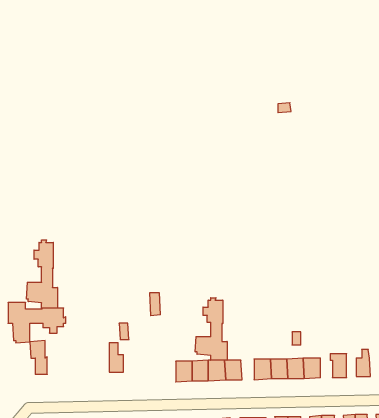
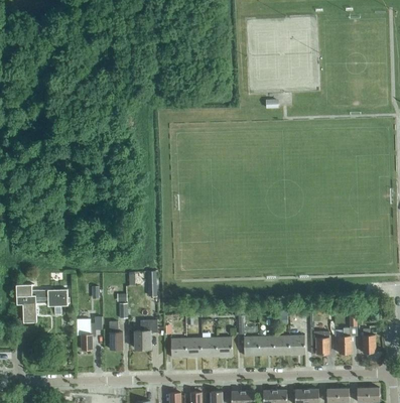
building: [27,240,57,308] -> none
building: [195,298,227,360] -> none
building: [30,341,47,374] -> [77,318,93,350]
building: none -> [135,320,157,349]

